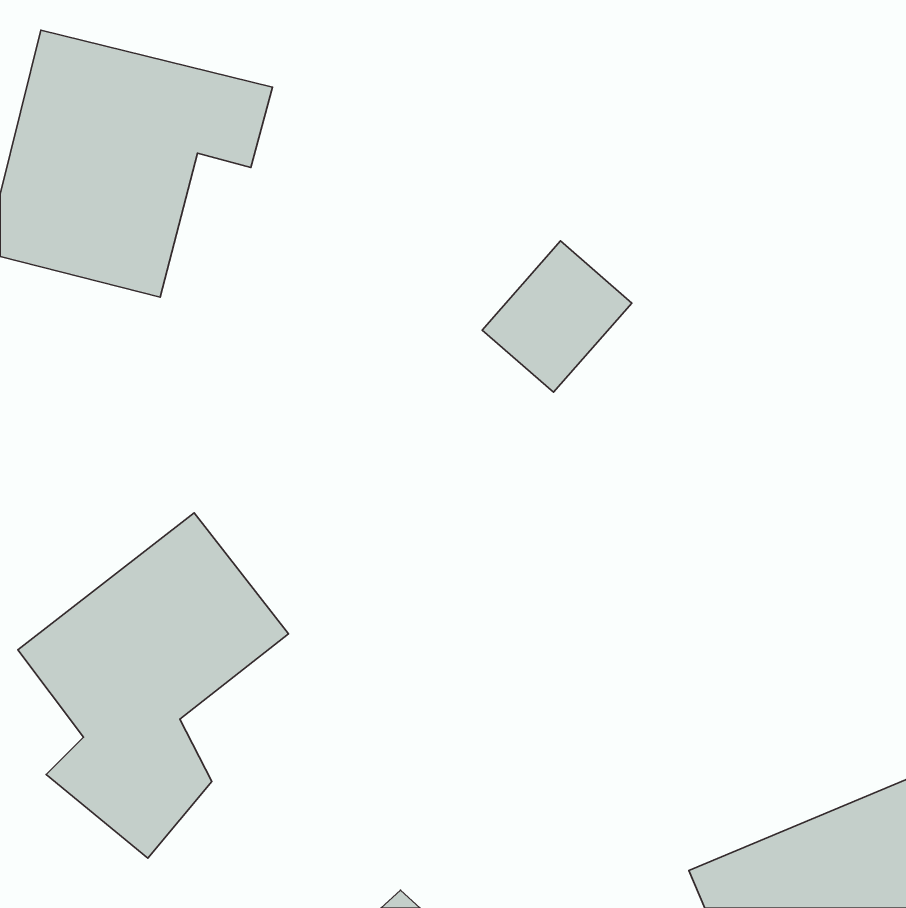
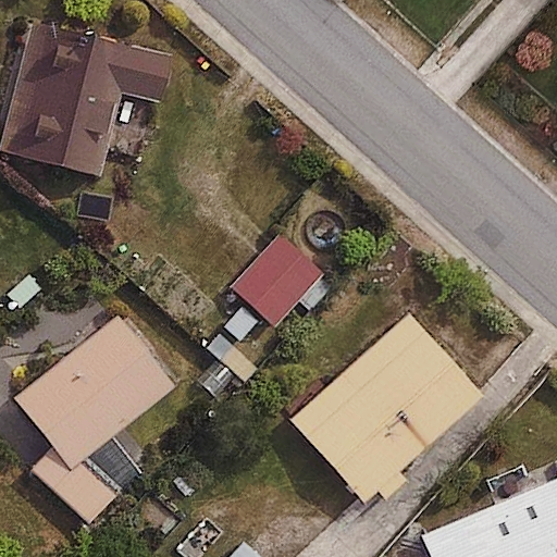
building: [482,241,632,392] -> [233,233,324,325]
building: none -> [290,314,483,503]

